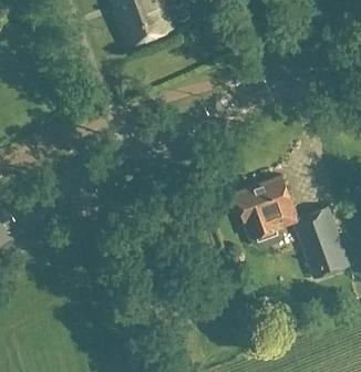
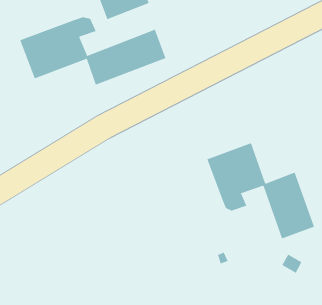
building: none -> [19,17,166,85]

